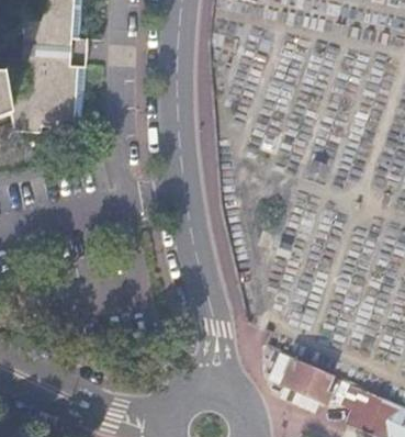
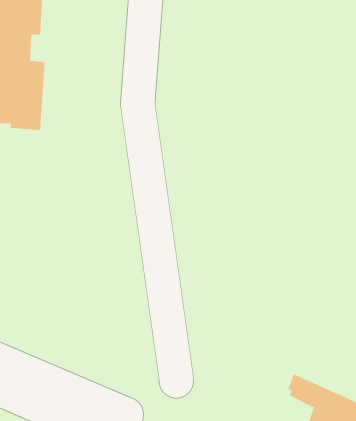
building: [282,358,331,404] -> none

